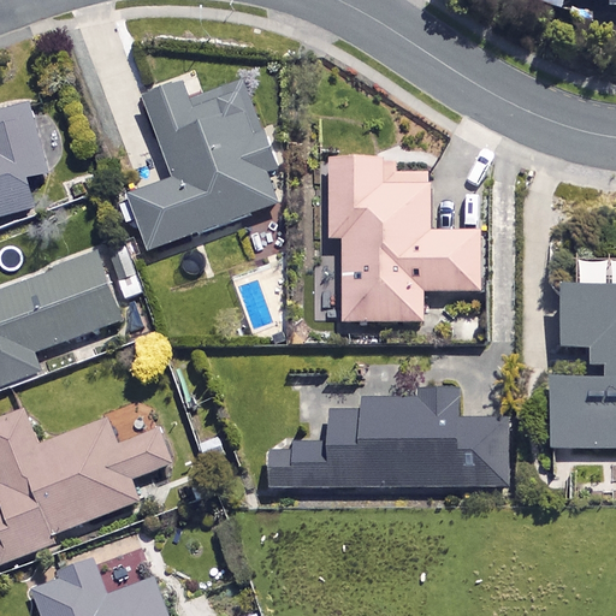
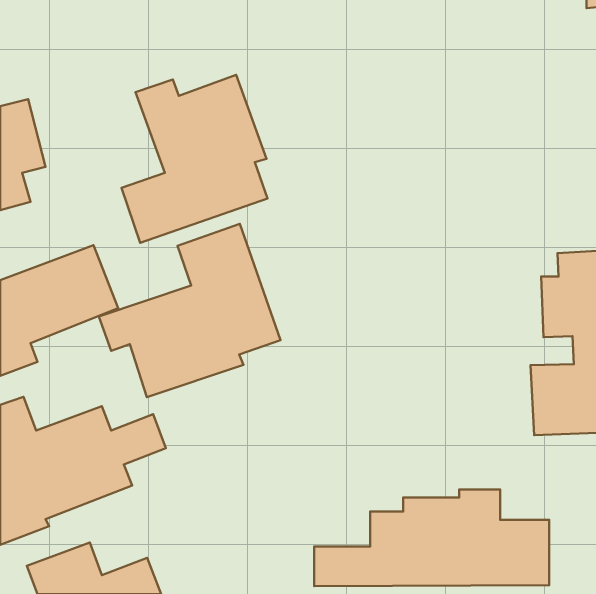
building: [327,156,482,321] -> none
building: none -> [99,224,280,397]
building: [268,387,510,487] -> [314,489,549,586]

